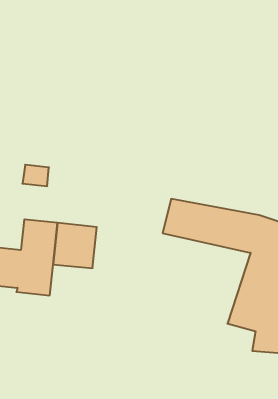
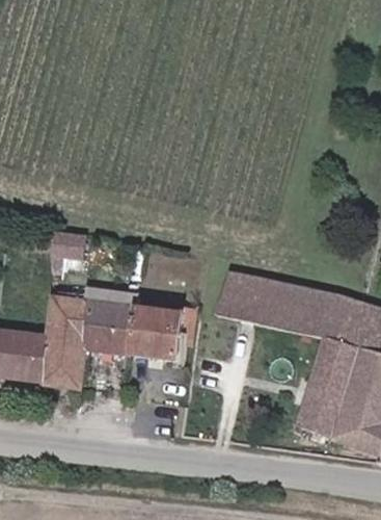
building: none -> [134,306,189,361]

